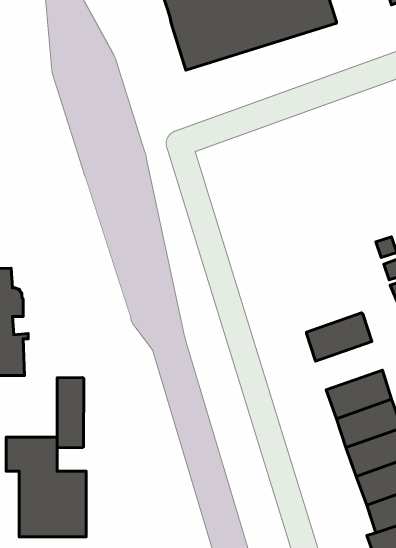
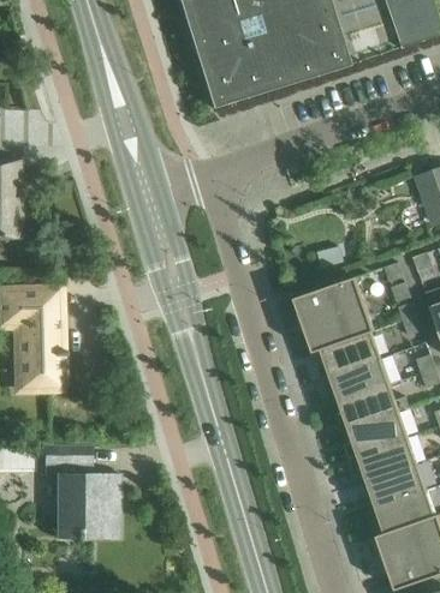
building: none -> [292,276,374,353]
building: none -> [328,358,390,402]
building: [57,378,84,448] -> none

